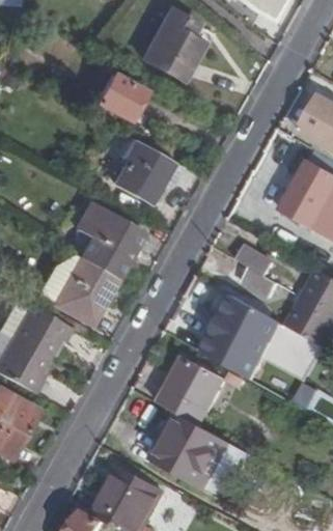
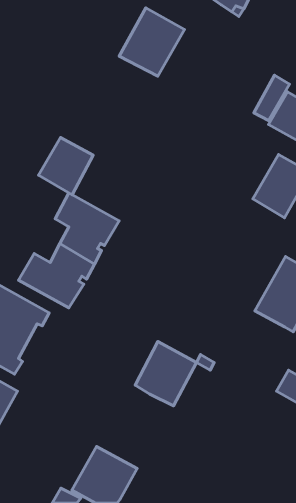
building: [96,73,144,119] -> none
building: [114,142,171,202] -> [39,137,93,195]
building: [237,246,277,296] -> none
building: [211,298,316,375] -> none
building: [156,413,243,495] -> none

